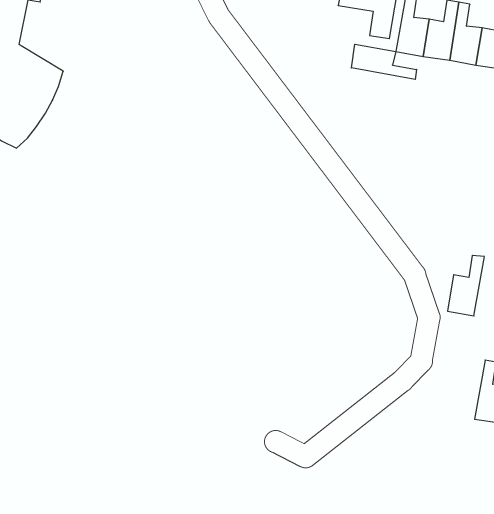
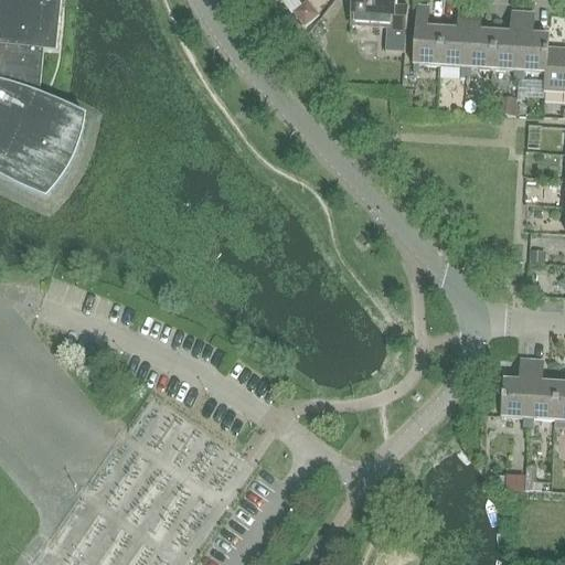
building: [351,44,417,79] -> none
building: [448,255,484,316] -> [501,356,532,416]

